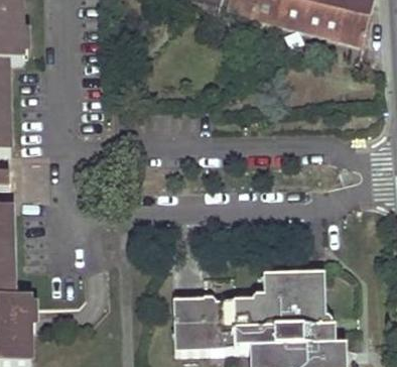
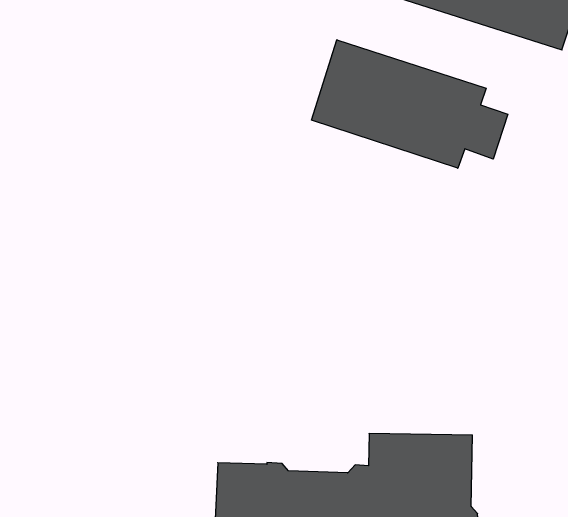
building: none -> [312,40,508,168]

